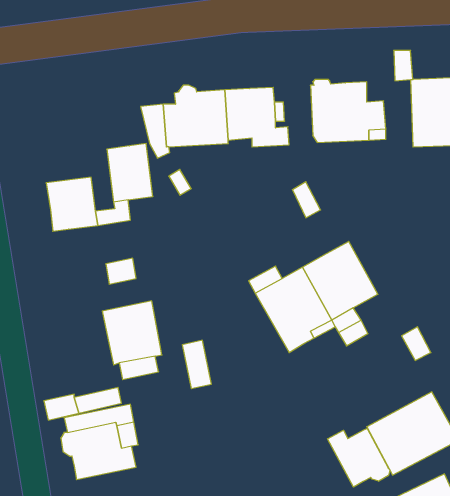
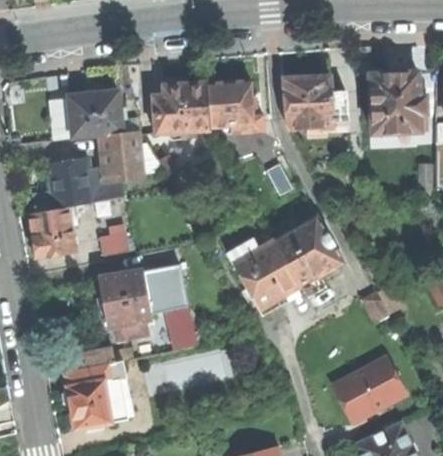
building: none -> [67,90,120,138]
building: none -> [27,206,73,257]
building: none -> [140,263,185,313]
building: [328,429,390,487] -> none

